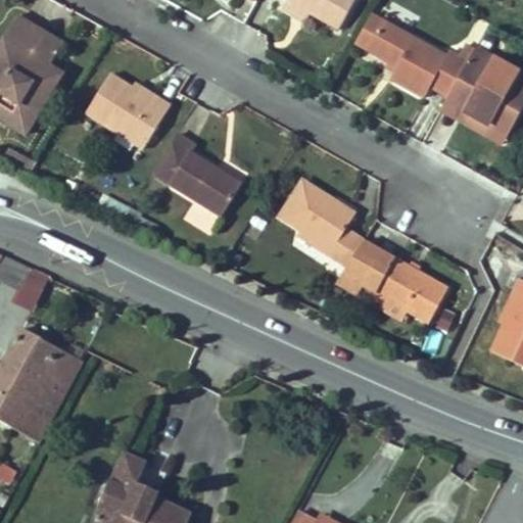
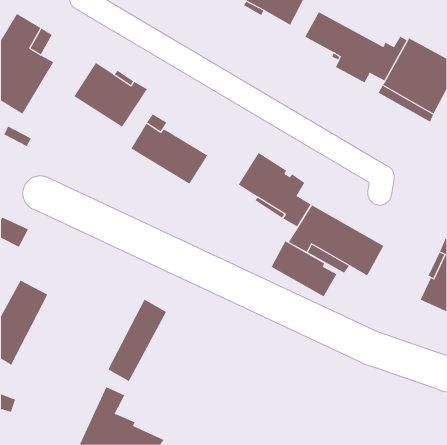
building: none -> [271,241,337,297]
building: [13,344,83,441] -> [107,299,167,382]

